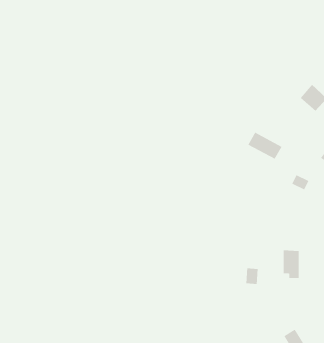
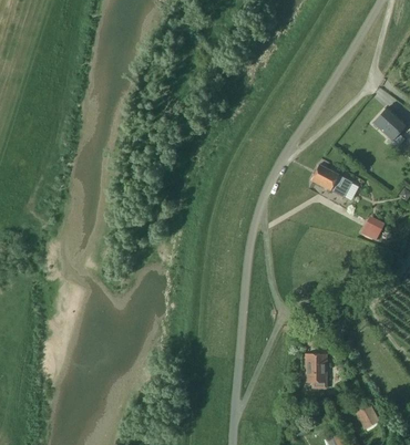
building: [283,250,300,279] -> [306,354,326,389]

